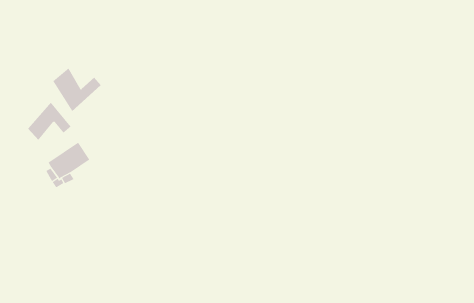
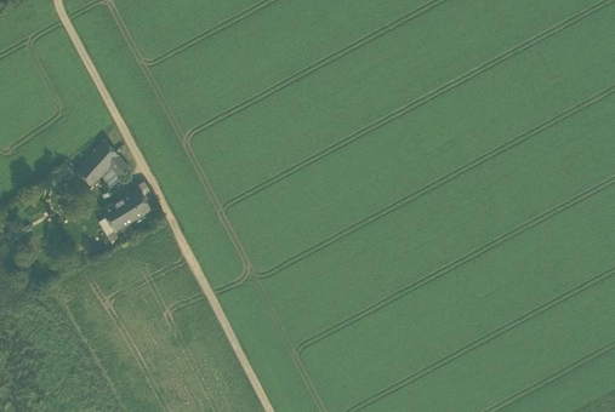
building: [53,68,101,112] -> none

